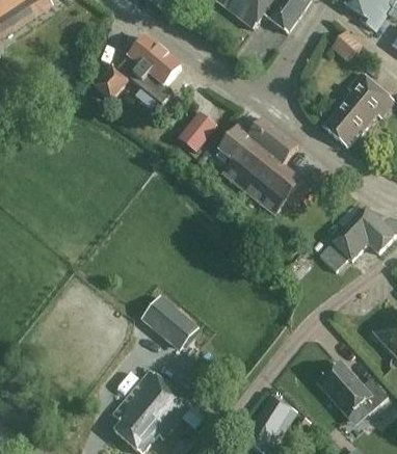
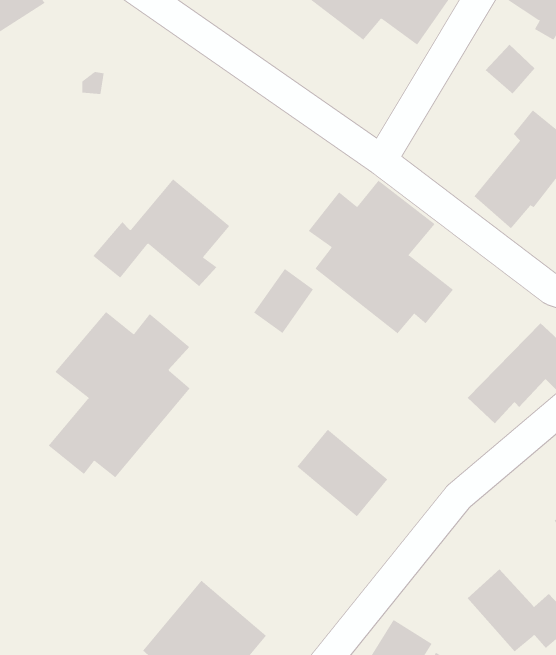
building: [95,35,182,104] -> [92,179,230,287]
building: [179,110,217,152] -> [253,268,314,334]
building: none -> [48,311,191,478]
building: [141,295,200,351] -> [296,429,388,517]

